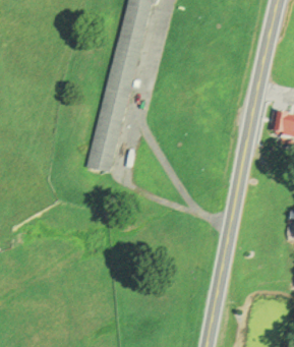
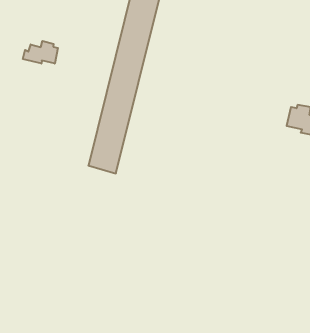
building: none -> [23,41,58,64]

